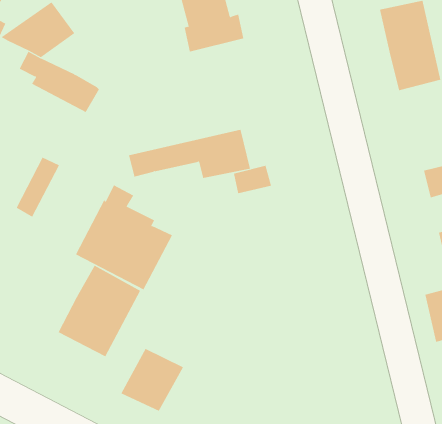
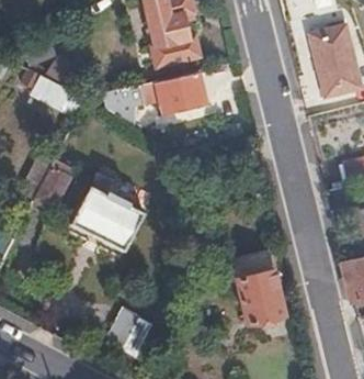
building: [128,129,251,179] -> [105,71,203,111]
building: none -> [33,158,73,210]
building: [58,265,141,357] -> none
building: none -> [231,252,284,325]

